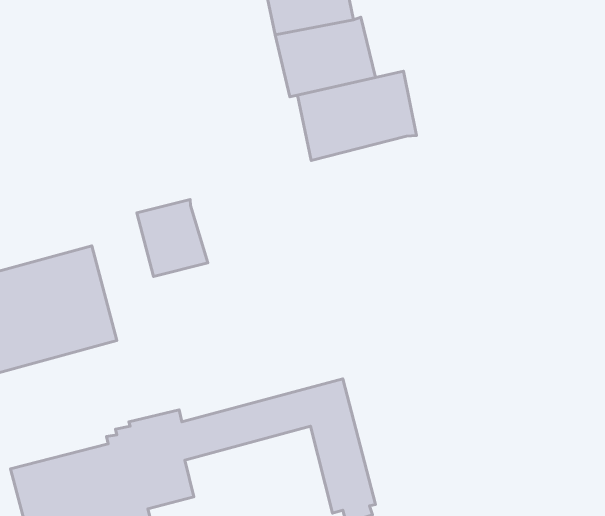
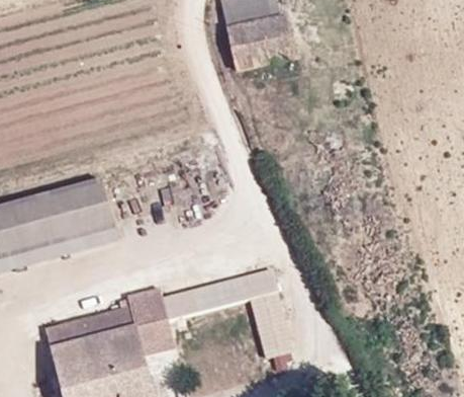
building: [298,71,416,161] -> none
building: [137,200,208,276] -> none

